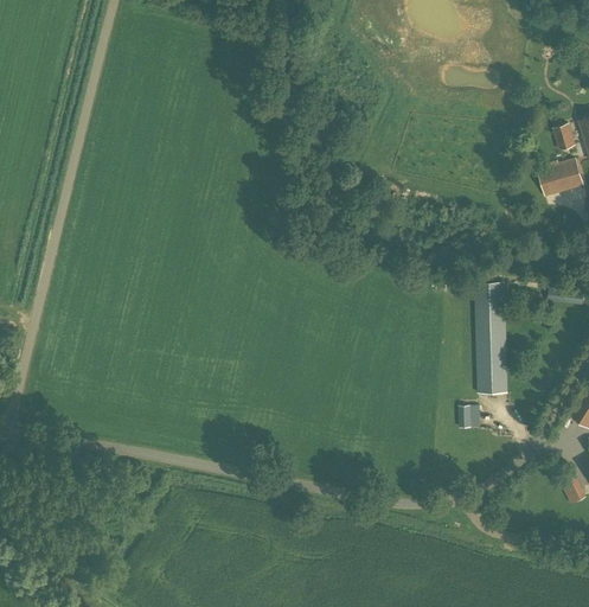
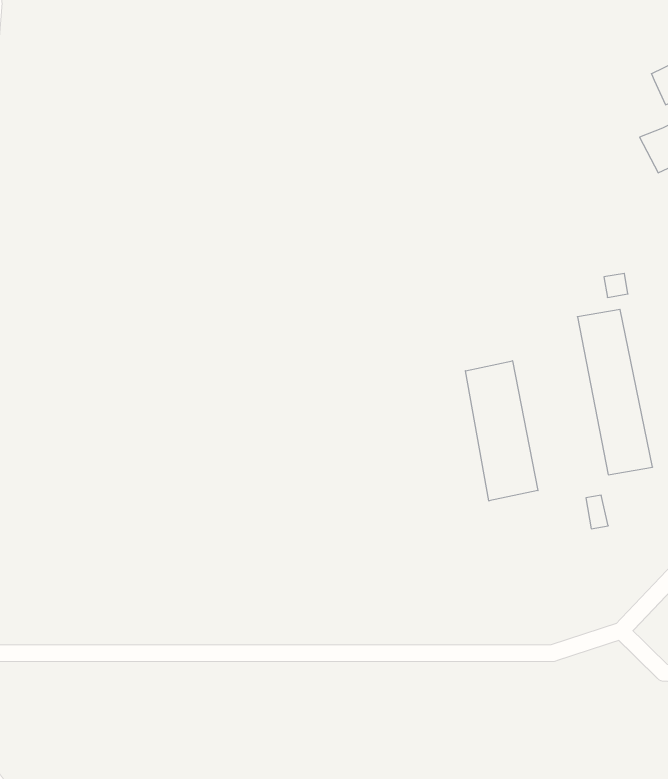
building: none -> [465,361,538,501]

